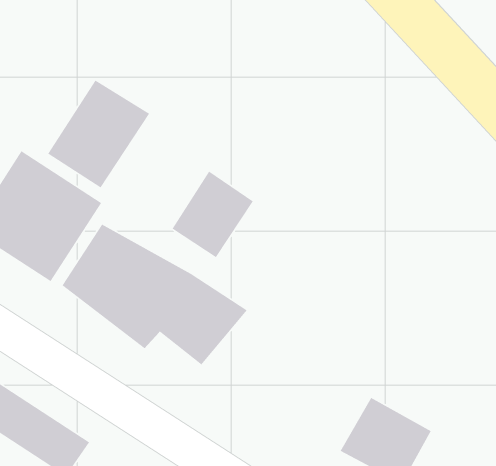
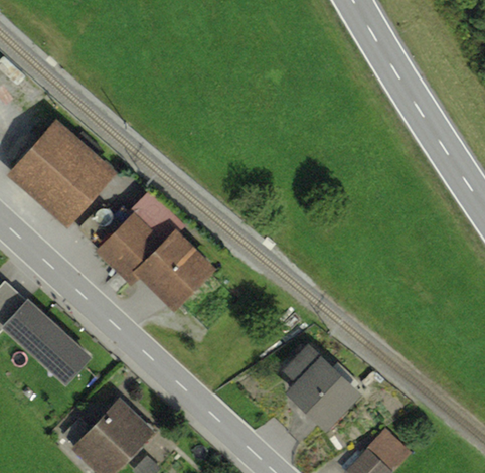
building: [47,80,150,188] -> none
building: [172,171,254,258] -> none

